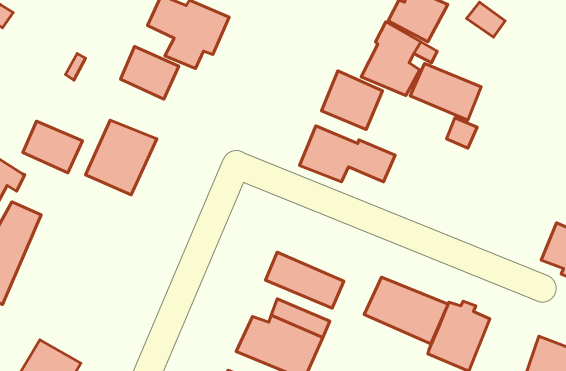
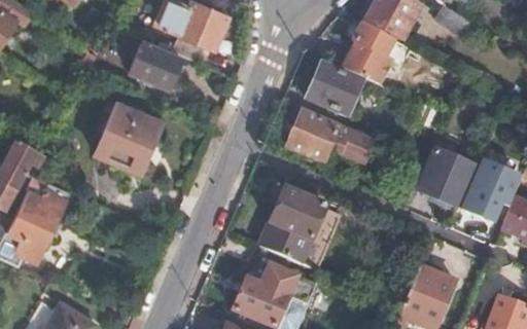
building: [410,64,481,120] -> none
building: [23,121,82,173] -> none
building: none -> [418,156,475,207]
building: none -> [462,158,515,221]
building: [364,277,448,344] -> [268,189,342,248]

